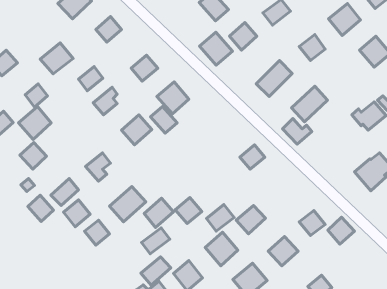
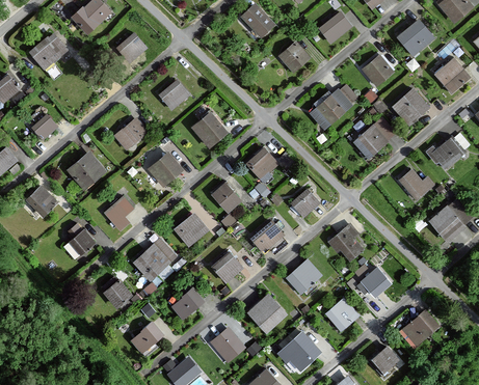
building: [199,32,232,65] -> none
building: [40,43,73,74] -> [29,33,69,71]
building: none -> [393,88,430,126]
building: [79,67,103,91] -> none
building: [150,106,177,133] -> [211,182,243,214]
building: [18,107,51,139] -> [68,152,107,191]
building: none -> [245,146,278,183]
building: [282,118,312,144] -> [399,168,434,199]
building: none -> [326,223,364,260]
building: [28,195,54,221] -> none
building: [144,198,174,227] -> [175,212,210,247]
building: [63,200,90,227] -> none
building: [207,205,234,231] -> [251,220,285,252]
building: [328,217,355,244] -> [403,313,435,346]
building: [141,257,171,285] -> [129,320,165,354]

